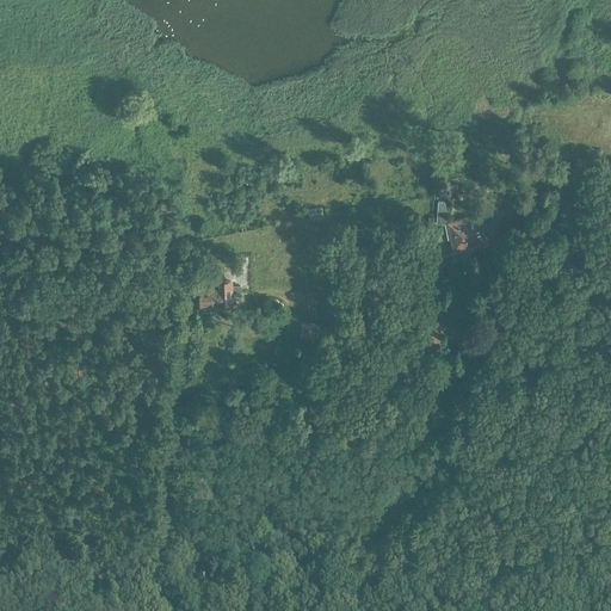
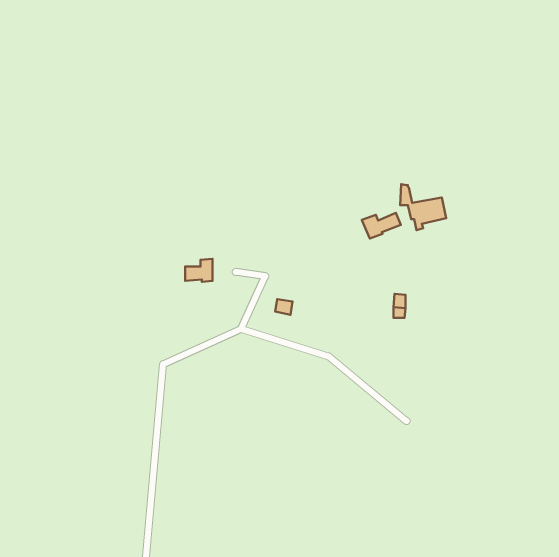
building: none -> [362,213,401,238]

